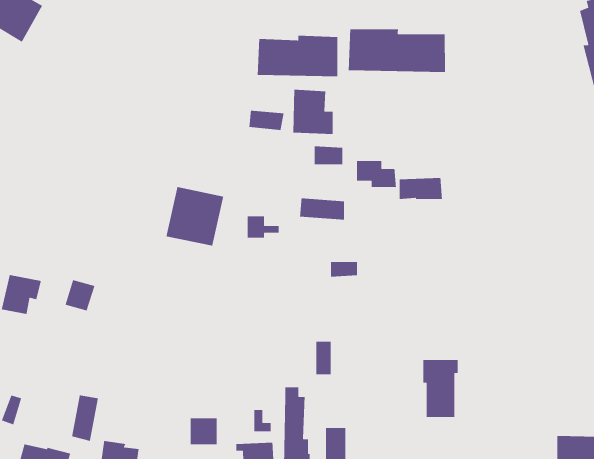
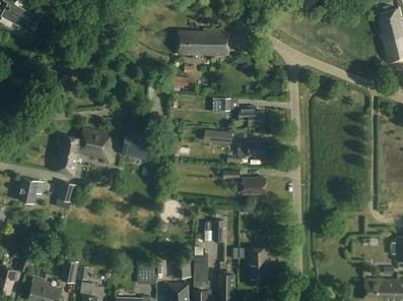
building: [348,28,446,73] -> none
building: [293,89,333,135] -> none
building: [399,177,443,200] -> [239,141,266,156]
building: none -> [56,128,114,175]
building: none -> [243,178,267,193]
building: [423,359,458,418] -> [248,248,270,285]

